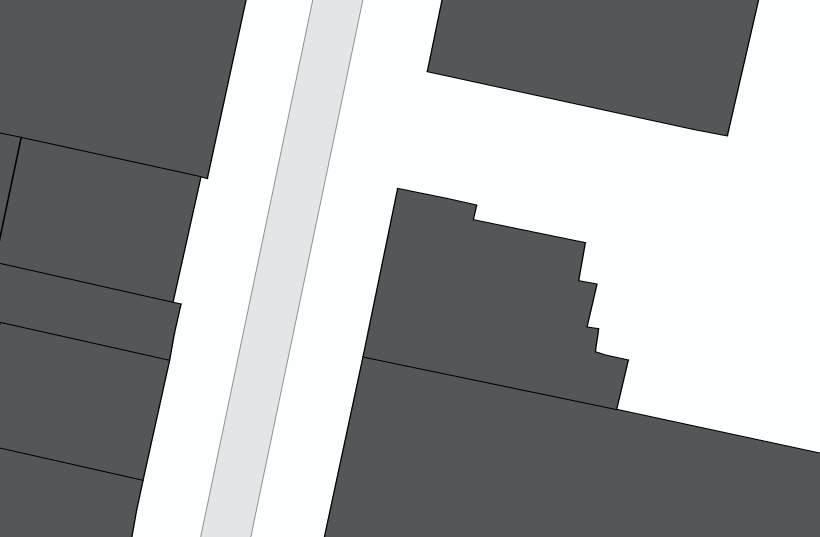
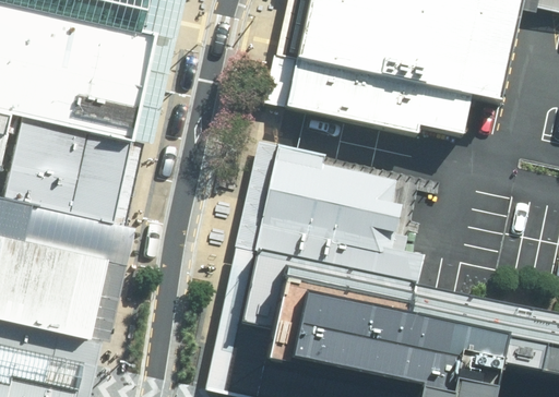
building: none -> [274,60,461,137]

